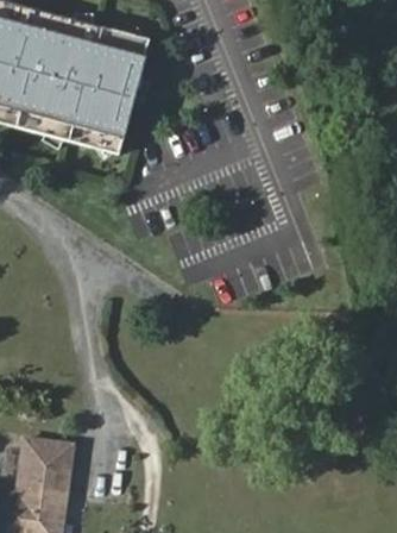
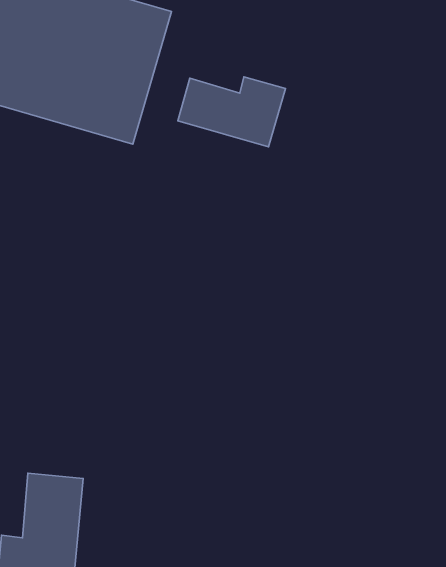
building: none -> [178,77,286,147]

